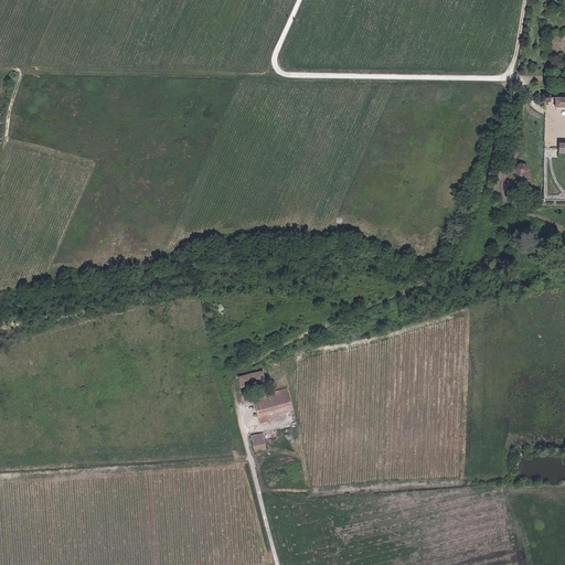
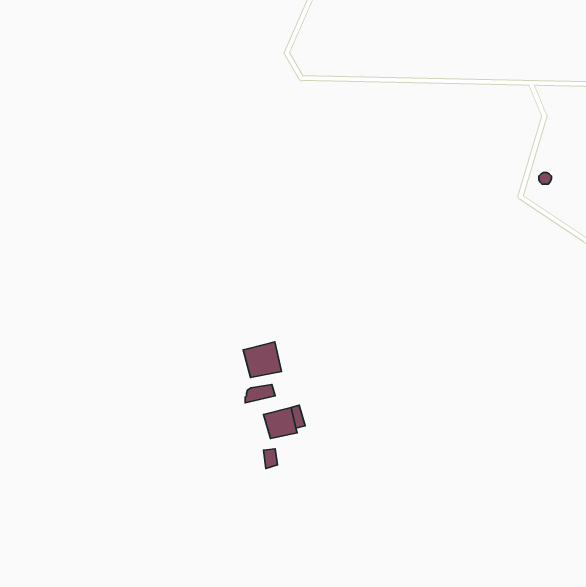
building: none -> [243,342,282,378]

